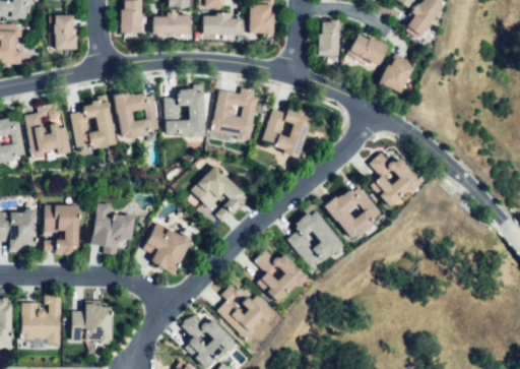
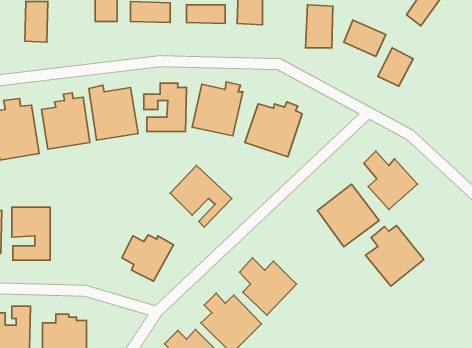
building: [92,201,136,256] -> none
building: [289,211,343,267] -> [366,226,424,286]

